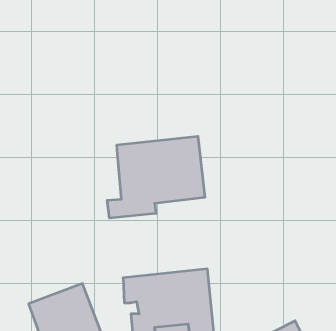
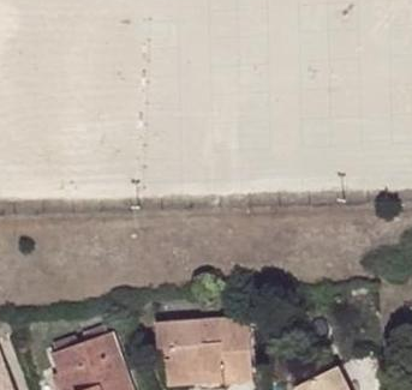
building: [107,136,205,218] -> none

